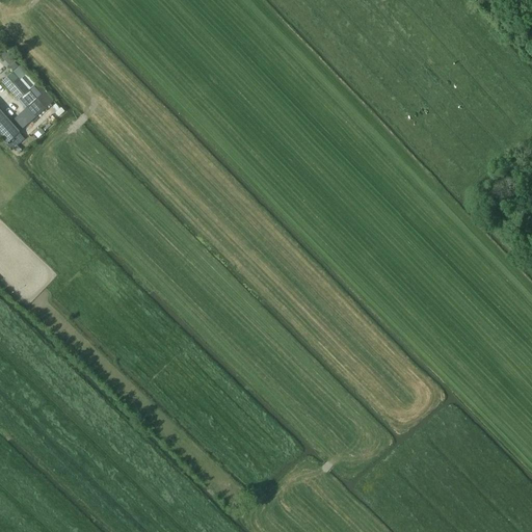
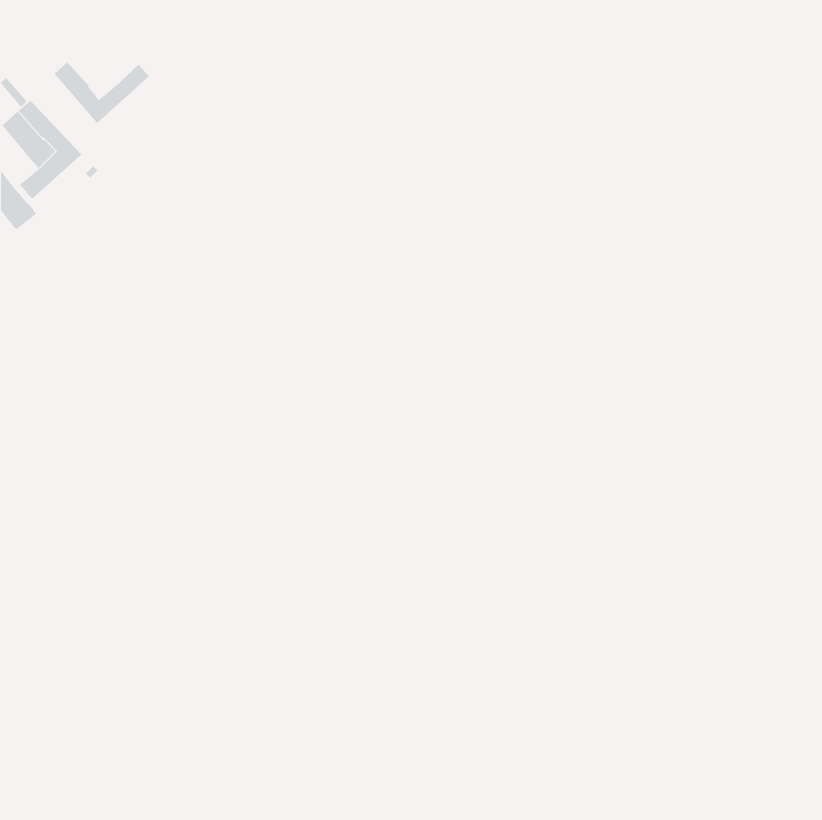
building: none -> [54,61,150,124]

